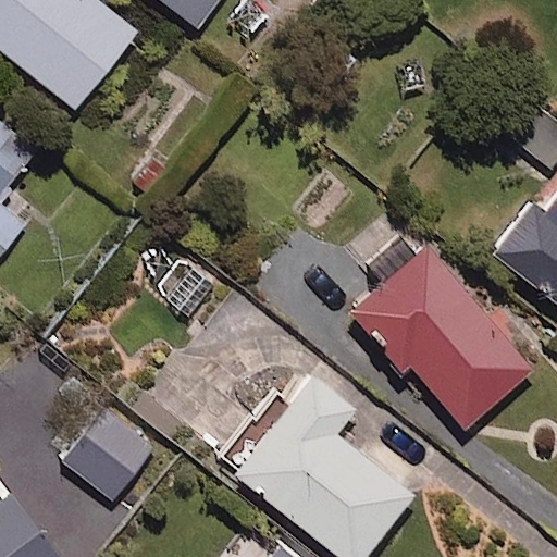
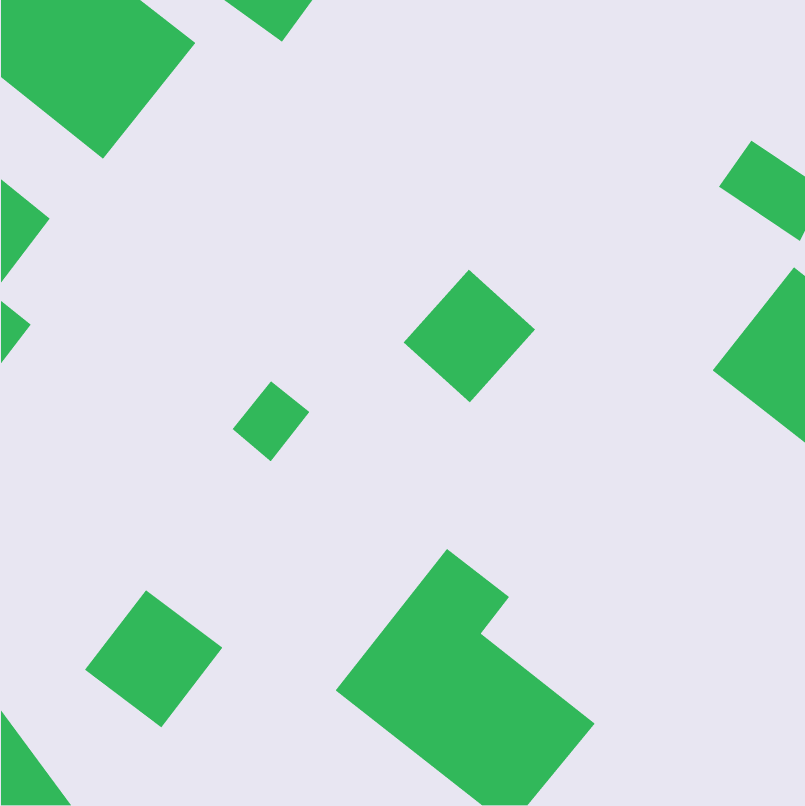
building: none -> [403,269,536,403]
building: [349,237,549,429] -> none

